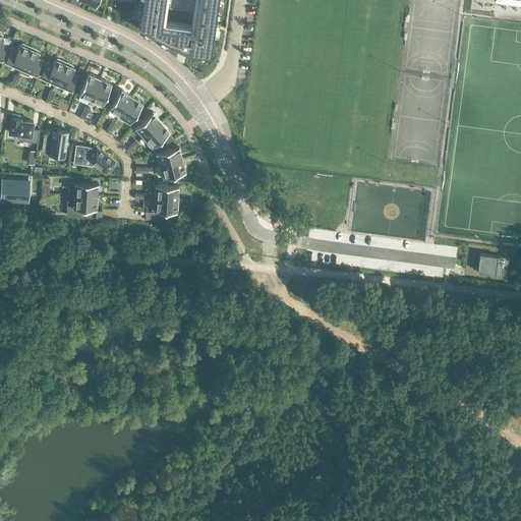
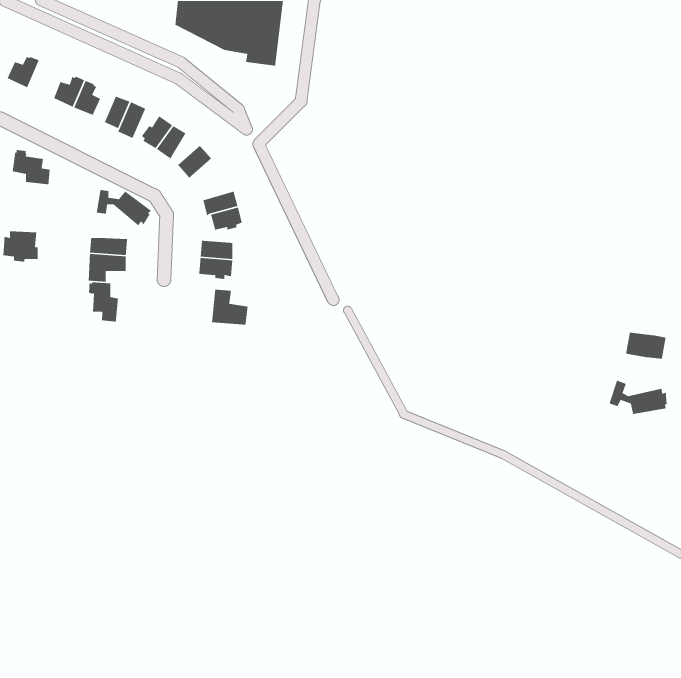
building: [19,48,43,77] -> none
building: [142,123,174,150] -> none
building: [42,129,69,158] -> none
building: none -> [88,281,119,323]
building: none -> [211,289,249,326]
building: none -> [609,380,668,415]

